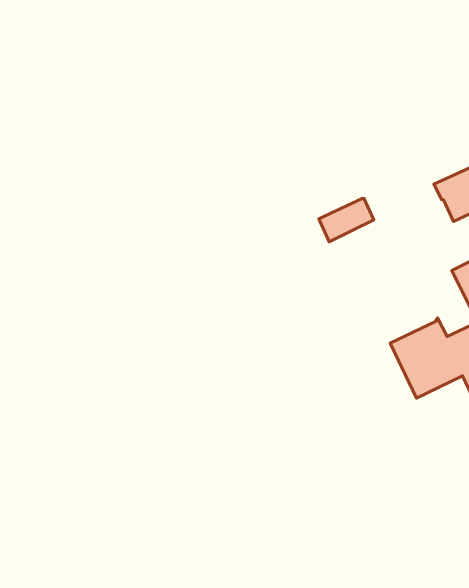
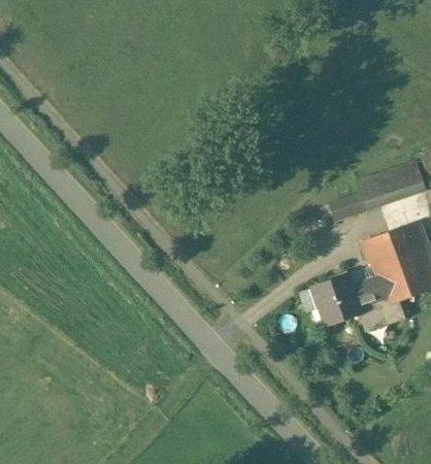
building: [319,198,374,242] -> [329,193,366,220]

